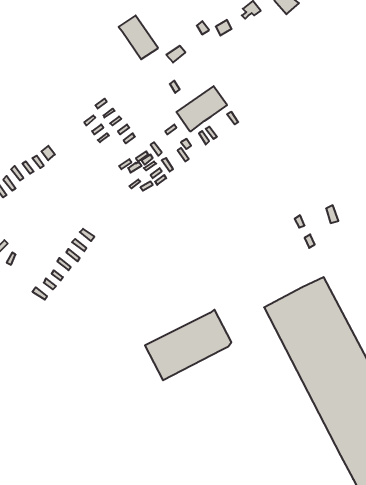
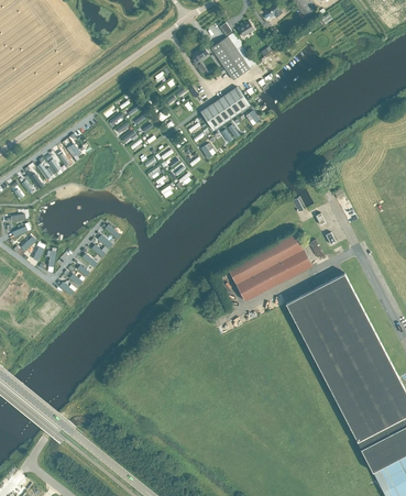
building: [119,15,158,59] -> [211,37,250,80]
building: [145,310,231,380] -> [227,232,311,301]

